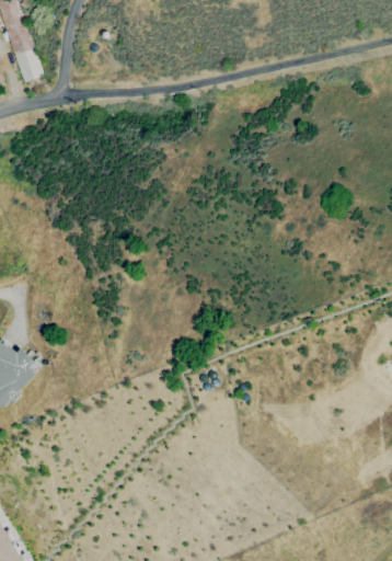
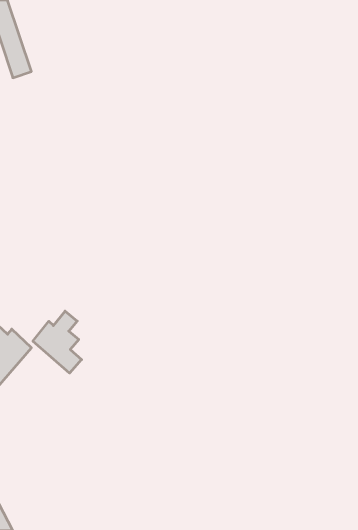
building: none -> [33,311,82,373]

